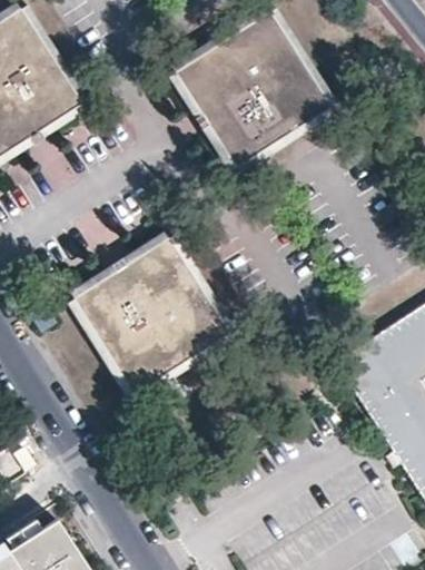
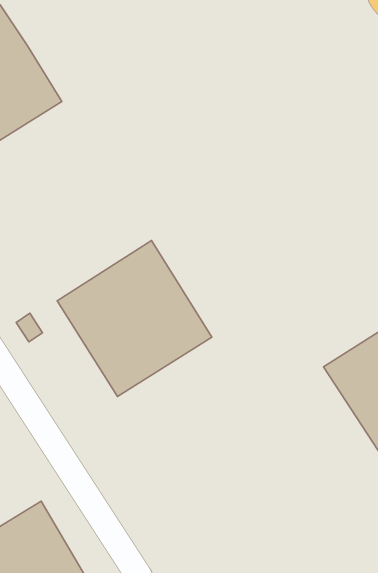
building: [176,13,327,166] -> none

